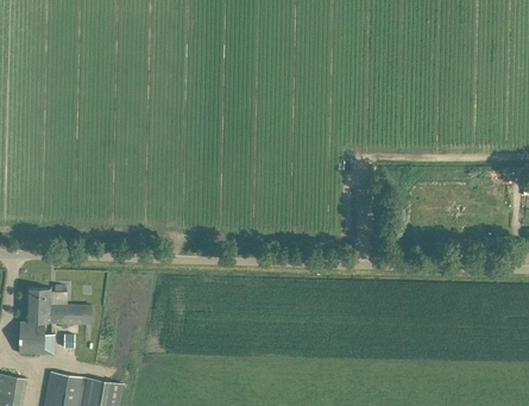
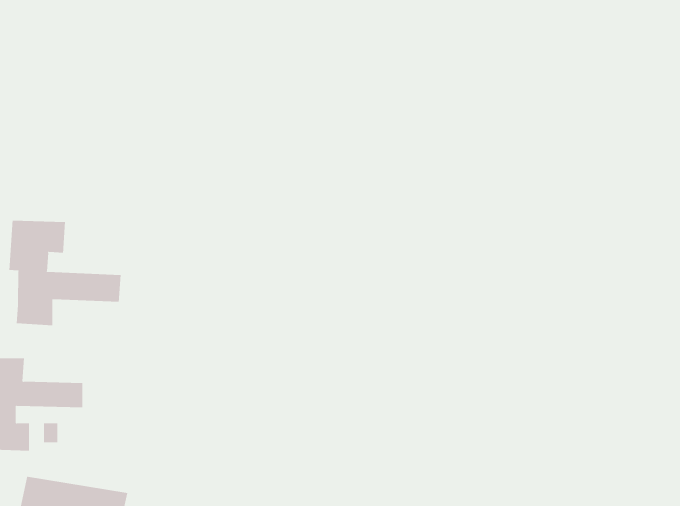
building: none -> [9,220,121,326]

